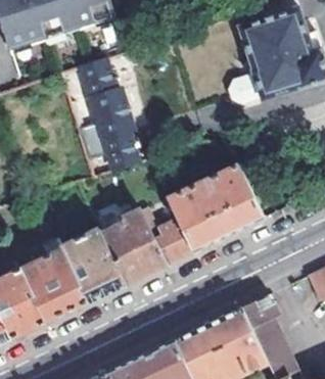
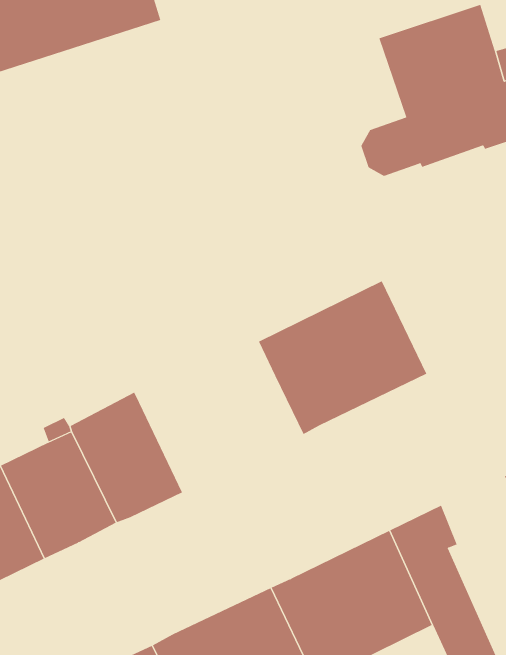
building: [79,58,134,170] -> none
building: [99,208,192,285] -> none

